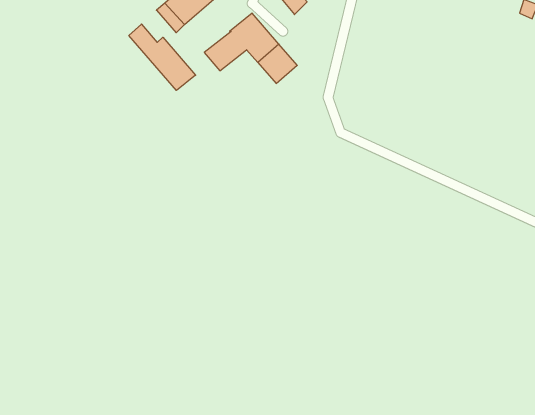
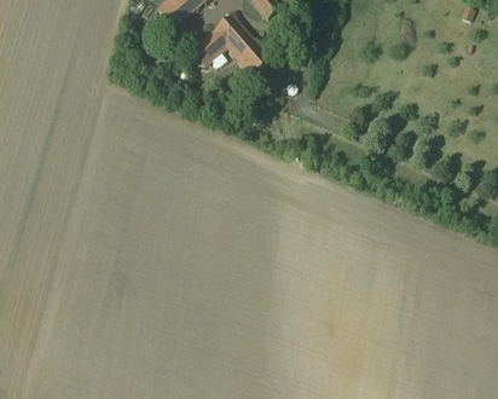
building: [129,24,196,90] -> none

